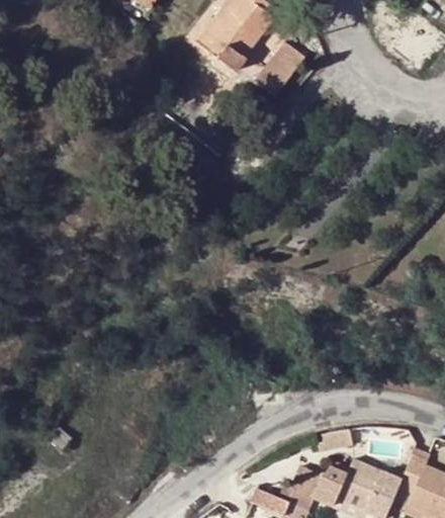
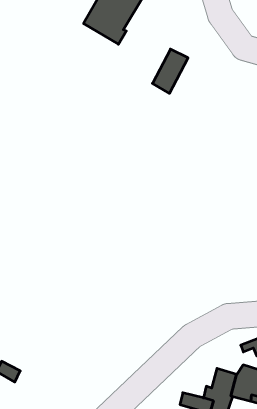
building: [258,41,303,93] -> [152,49,188,93]

